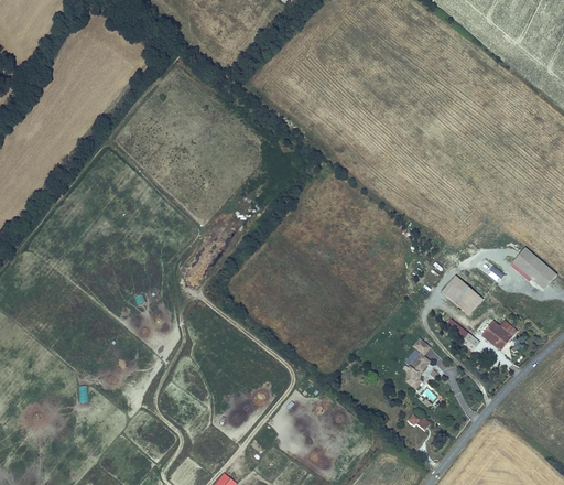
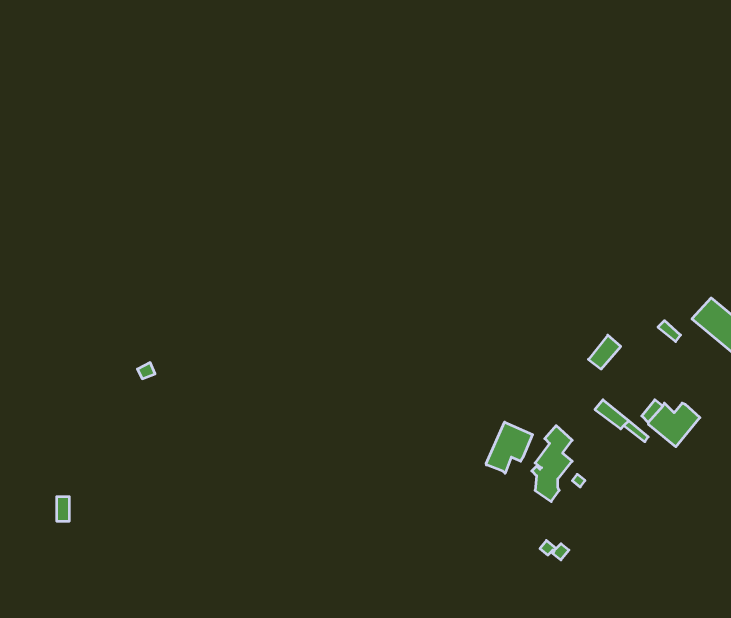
building: [451,282,482,314] -> none
building: none -> [486,422,533,473]

